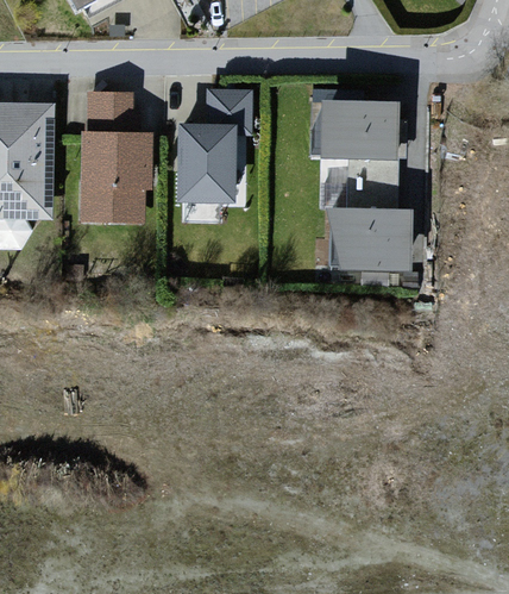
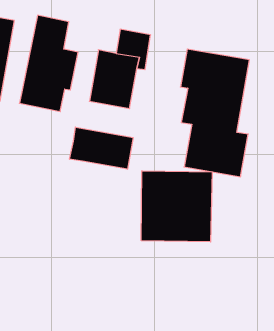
building: none -> [70,127,133,169]
building: none -> [141,171,212,242]

